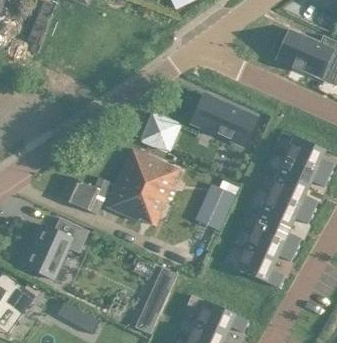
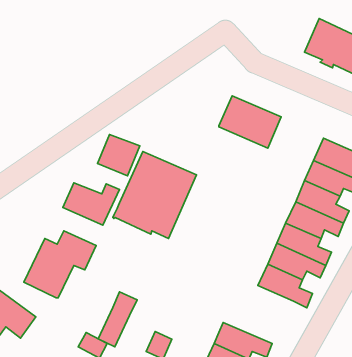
building: [140,113,178,150] -> [97,135,140,176]
building: [205,186,234,219] -> none
building: [142,266,177,315] -> [98,292,137,347]

